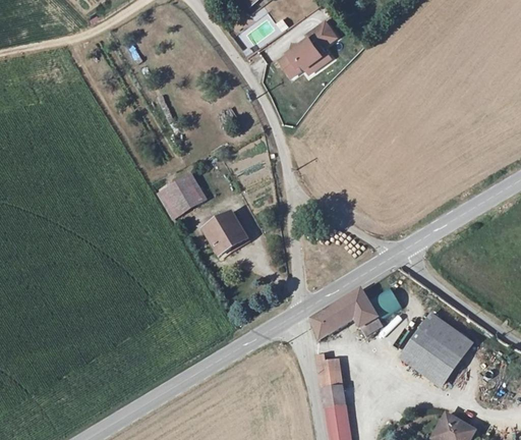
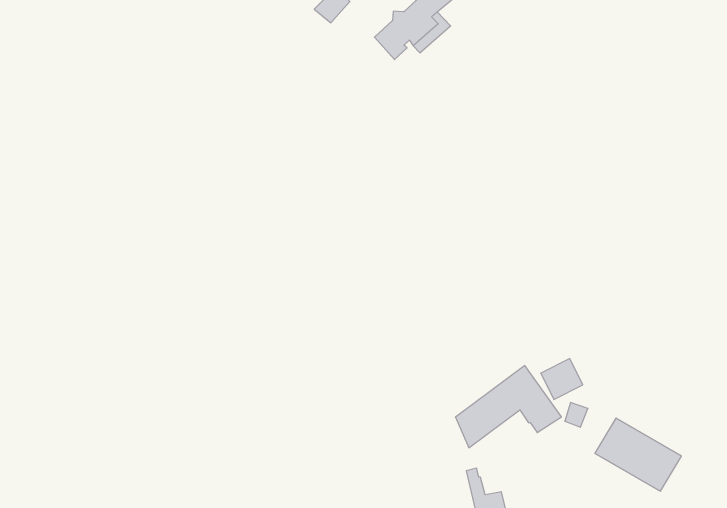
building: [157,173,207,219] -> none
building: [204,212,246,255] -> none
building: [419,313,472,359] -> none

